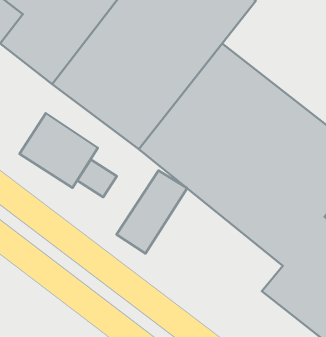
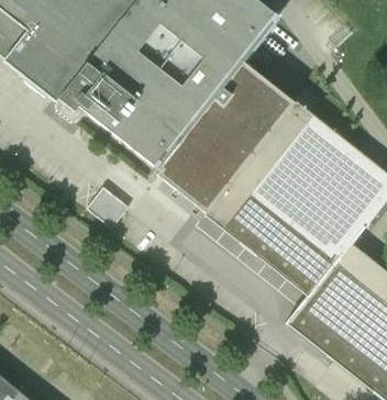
building: [20,113,98,188] -> none
building: [116,170,187,253] -> none

